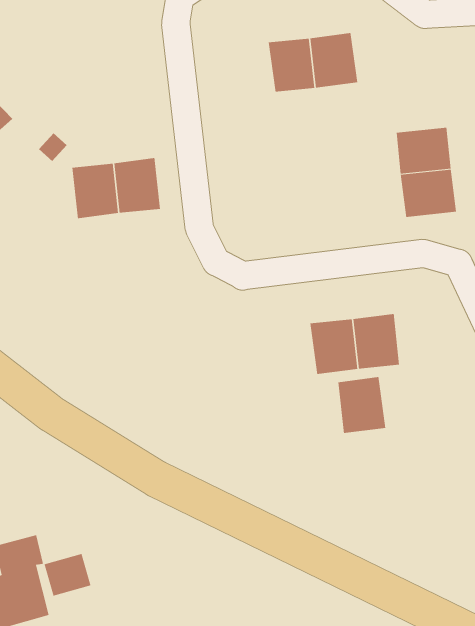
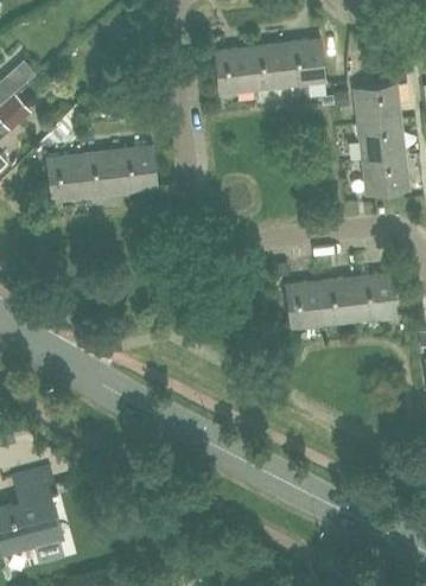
building: none -> [212,47,254,95]
building: none -> [352,83,401,125]
building: none -> [44,154,85,202]
building: [338,377,386,434] -> [356,274,398,323]
building: [44,553,91,596] -> none

